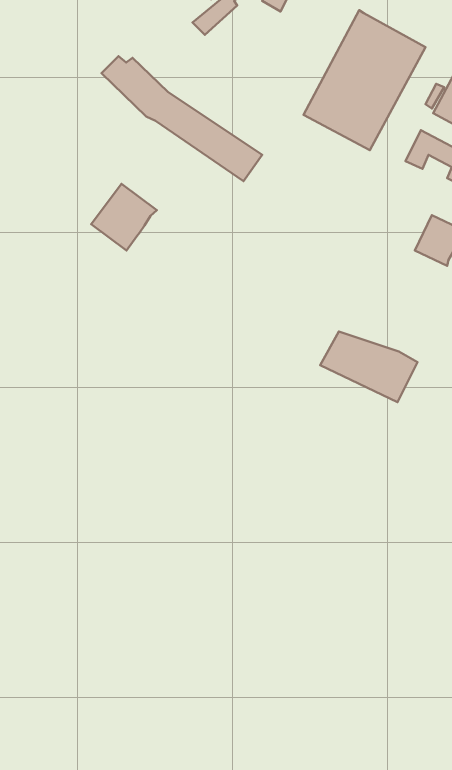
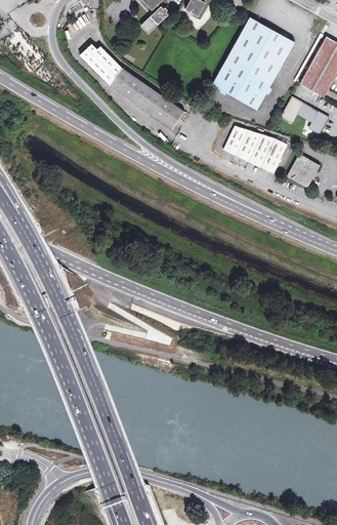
building: [91,184,157,251] -> none
building: [320,331,417,402] -> [224,126,289,173]

